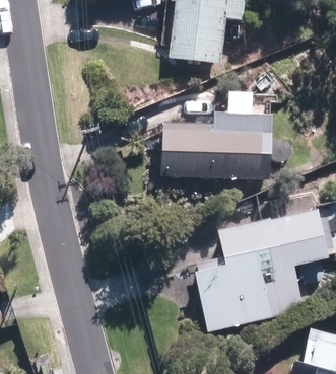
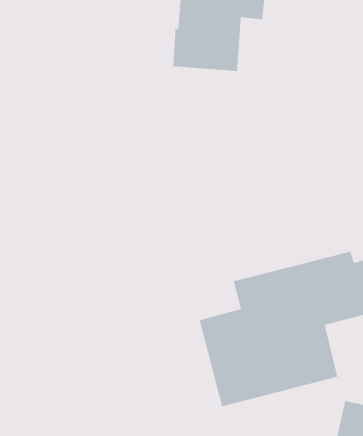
building: [158,102,269,179] -> none

